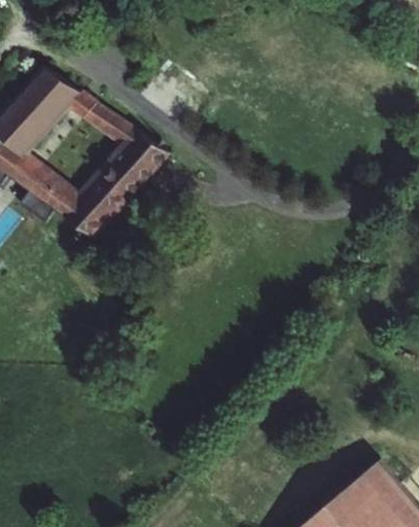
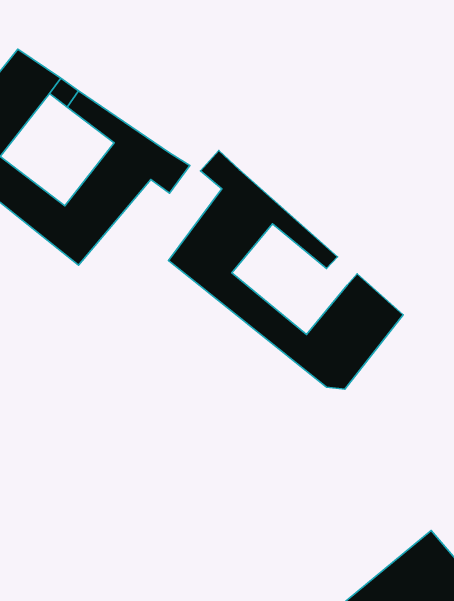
building: none -> [168,151,403,389]

